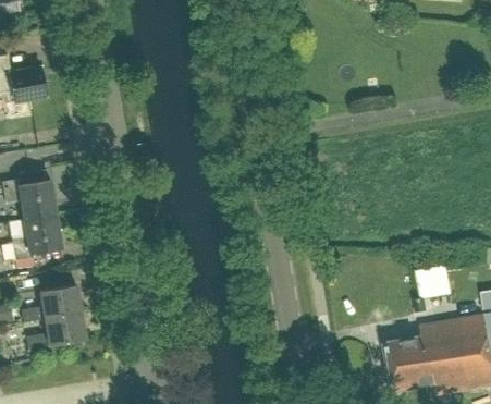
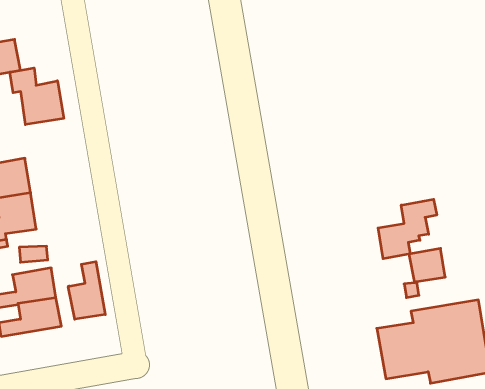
building: none -> [10,68,64,125]
building: none -> [378,199,437,259]
building: none -> [68,262,105,319]

